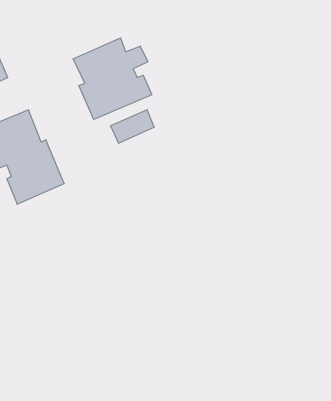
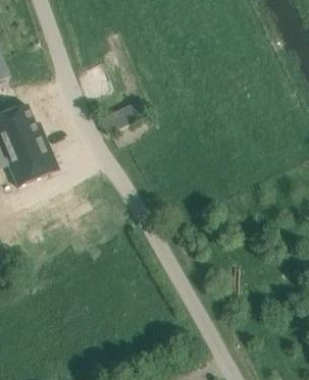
building: [73,38,152,120] -> none

